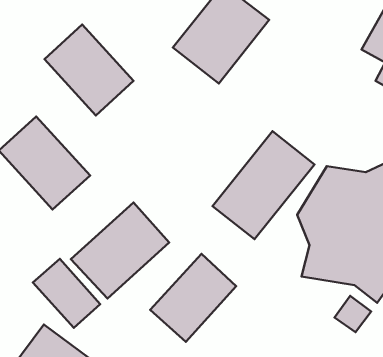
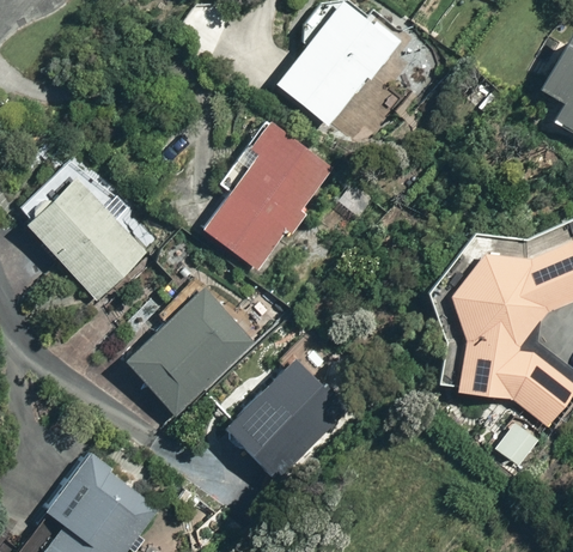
building: [44,24,134,115] -> none
building: [213,131,314,239] -> [200,131,340,279]
building: [33,259,100,328] -> none

